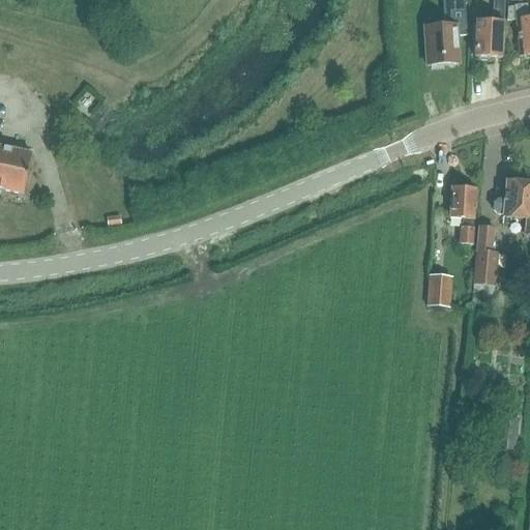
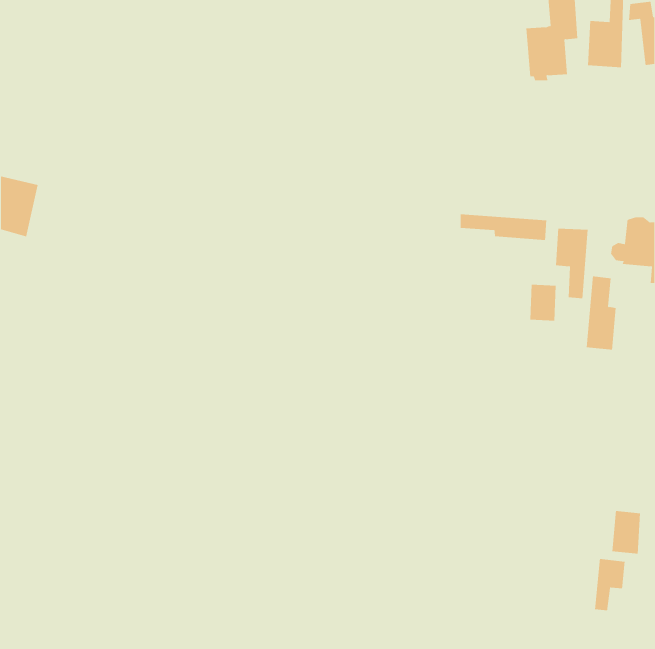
building: none -> [460,213,547,241]
building: [428,274,449,304] -> [530,284,556,321]
building: none -> [595,558,625,611]

